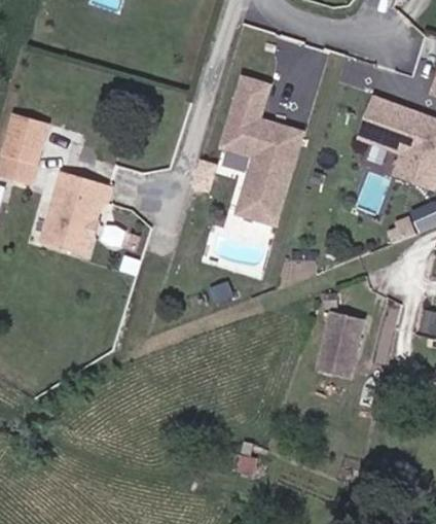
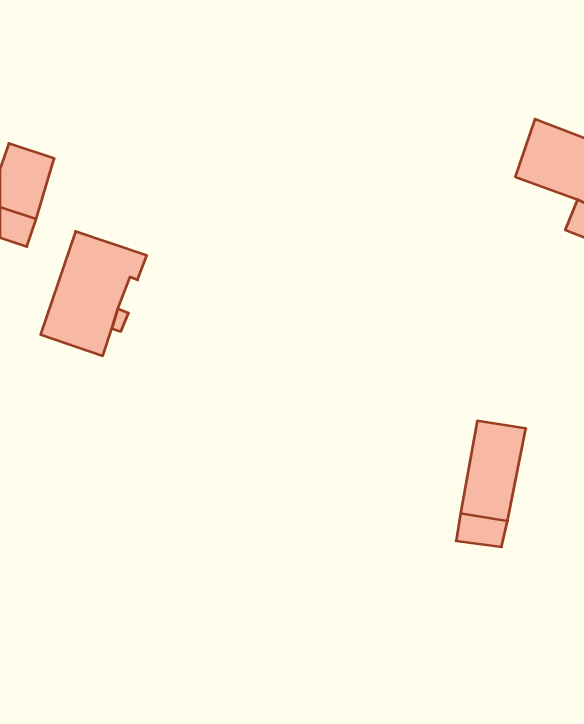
building: [221,73,301,221] -> none

